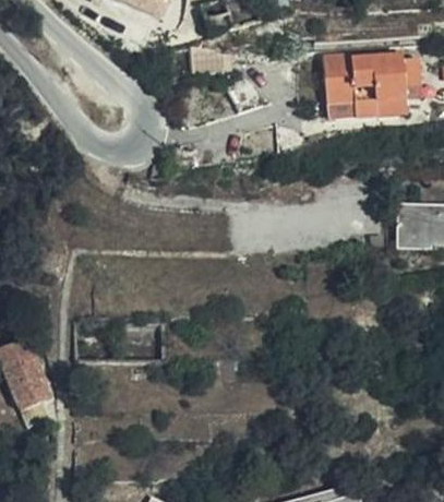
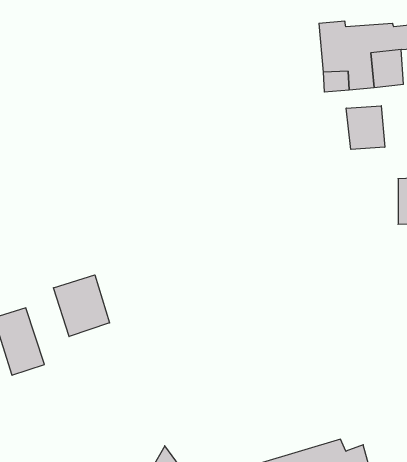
building: none -> [346,106,385,149]
building: none -> [53,275,110,337]

